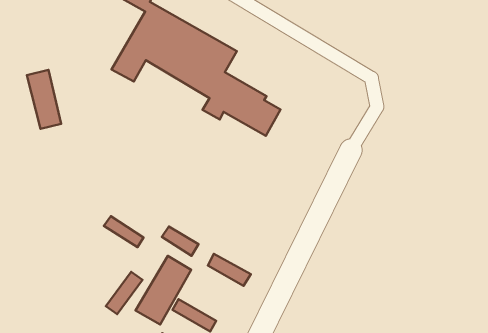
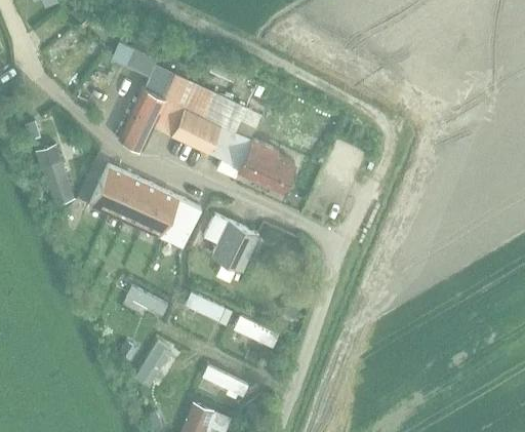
building: none -> [90,163,202,248]
building: none -> [204,214,262,270]
building: [136,256,191,325] -> none

